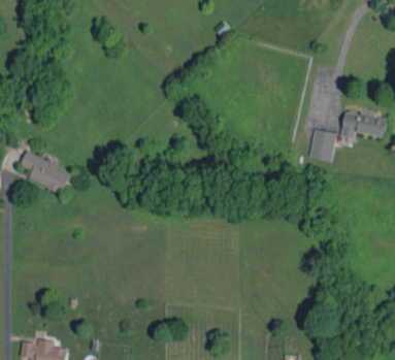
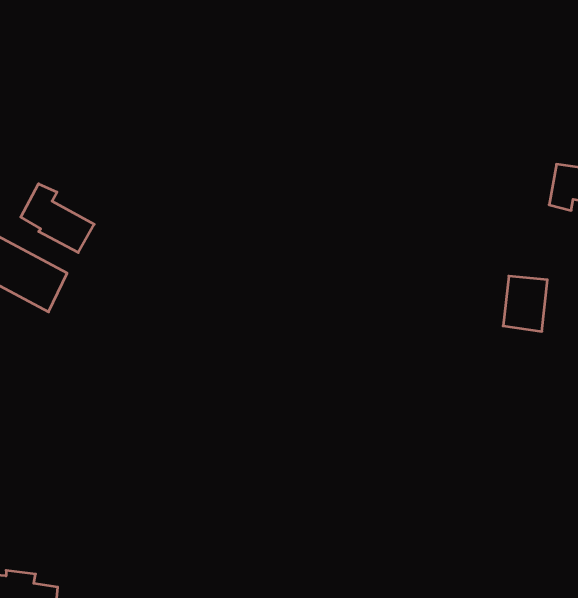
building: none -> [21,184,94,253]
building: [310,130,335,161] -> [503,276,547,331]

